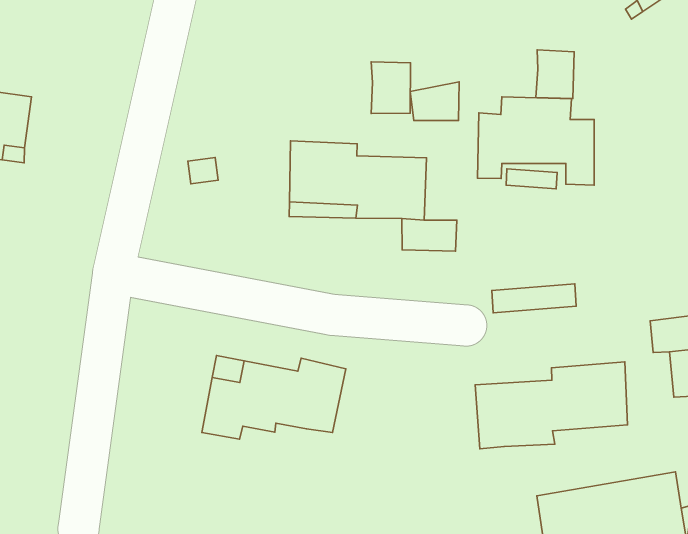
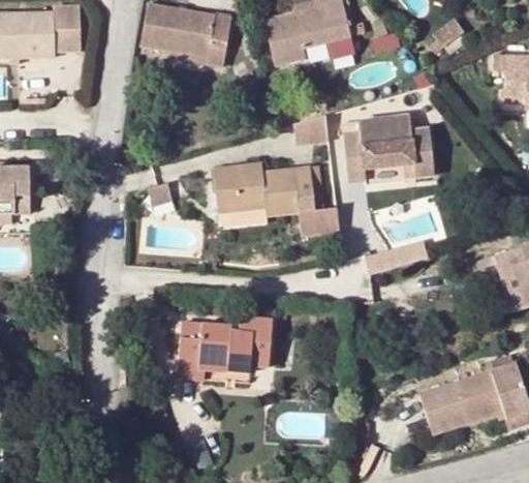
building: [536,50,574,98] -> none
building: [371,62,410,114] -> none
building: [475,362,628,449] -> none

